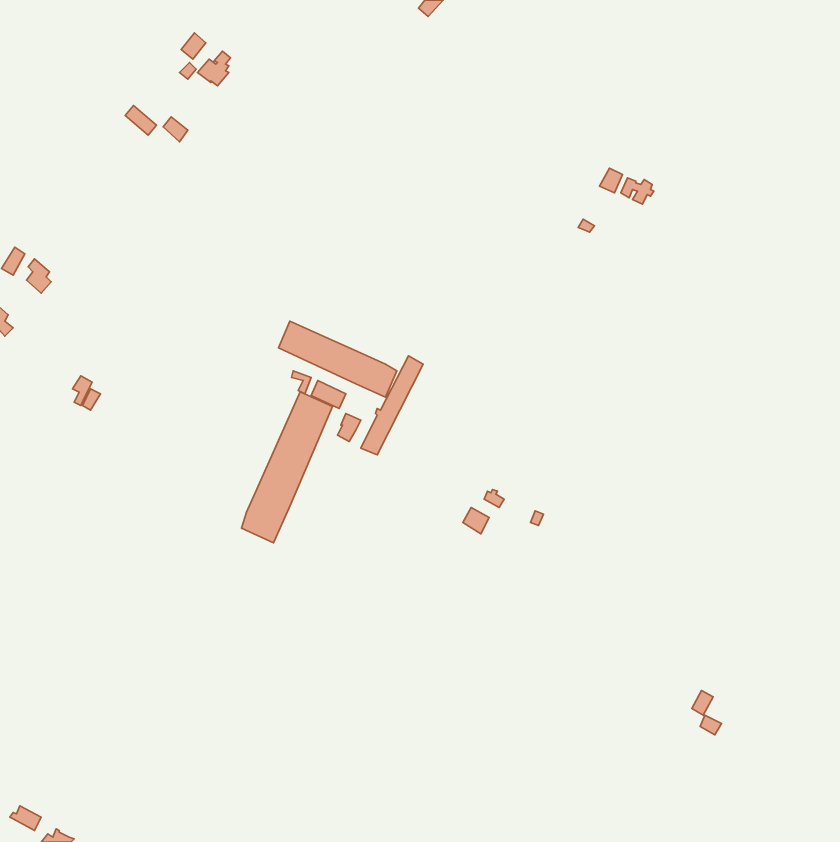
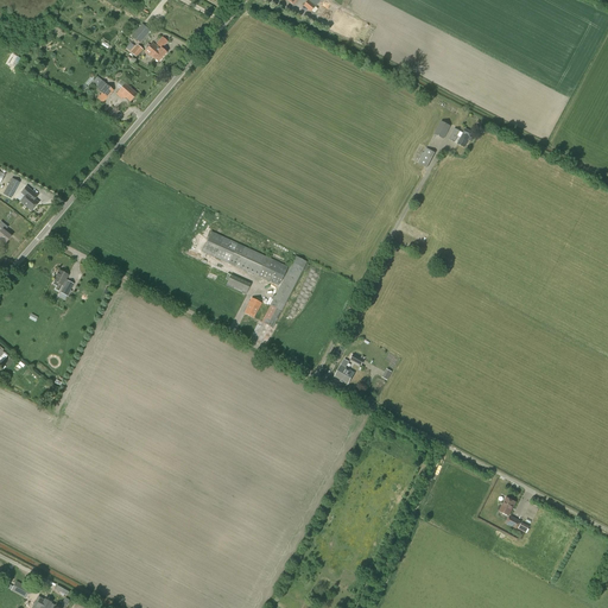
building: [241,392,332,543] -> none

